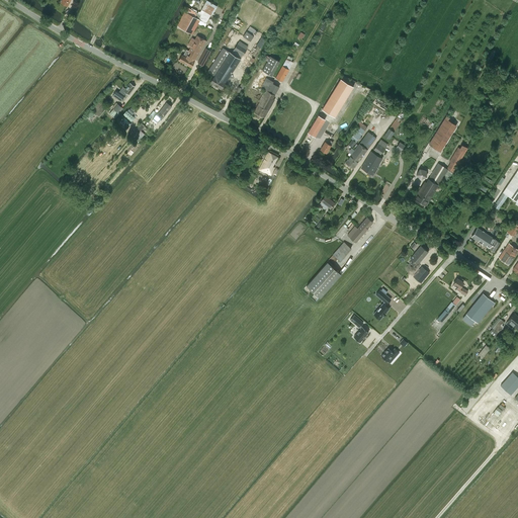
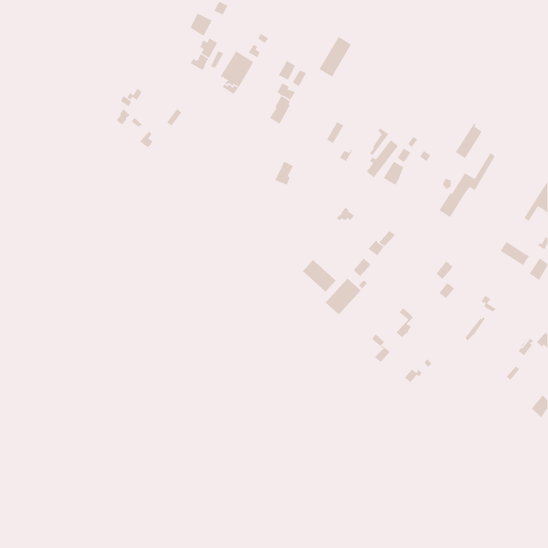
building: [322,78,353,117] -> [319,36,352,78]
building: none -> [302,259,336,293]
building: [464,293,494,323] -> none

